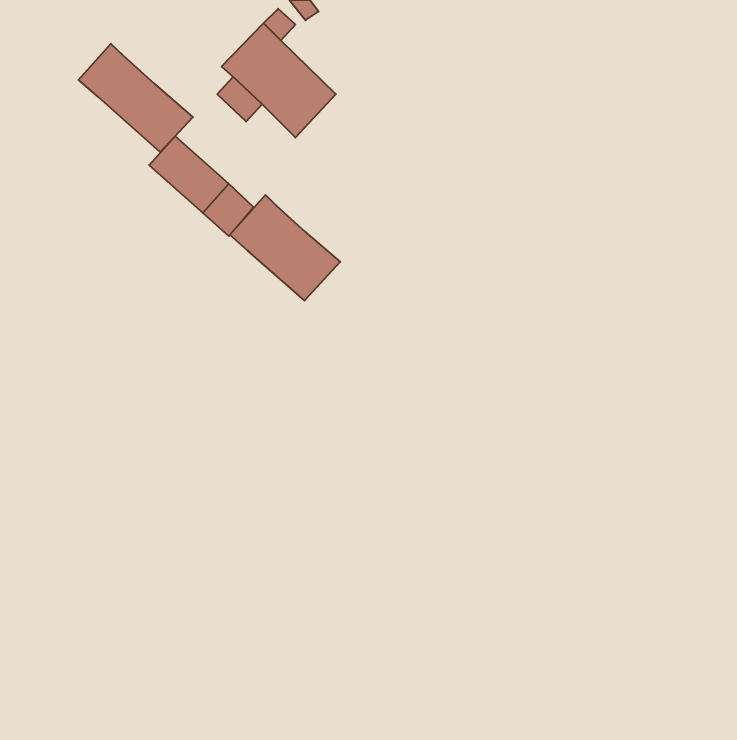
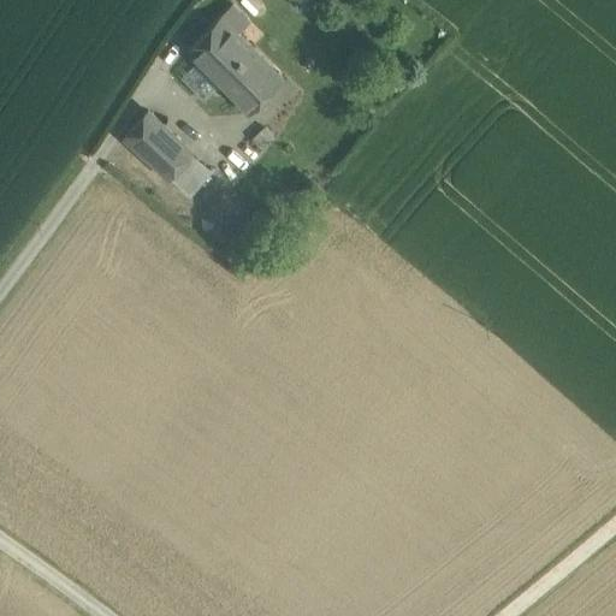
building: [79,44,193,152] -> none
building: [230,195,340,301] -> none

